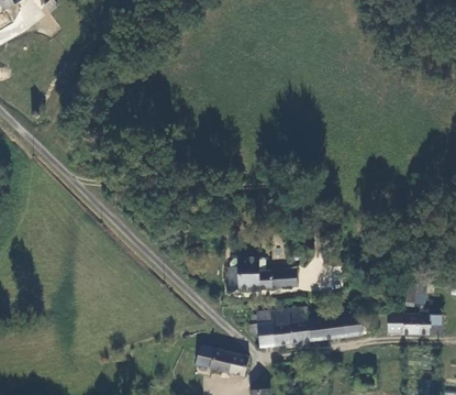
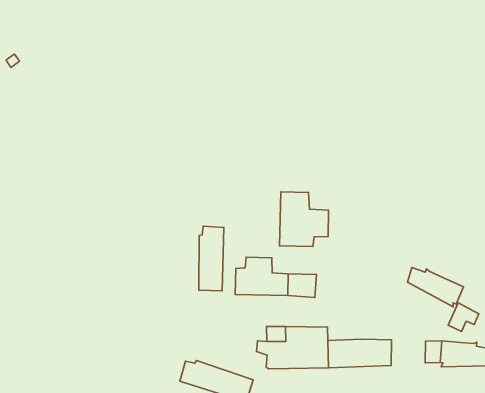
building: none -> [280,192,329,247]
building: none -> [199,226,224,291]
building: none -> [407,267,463,307]

